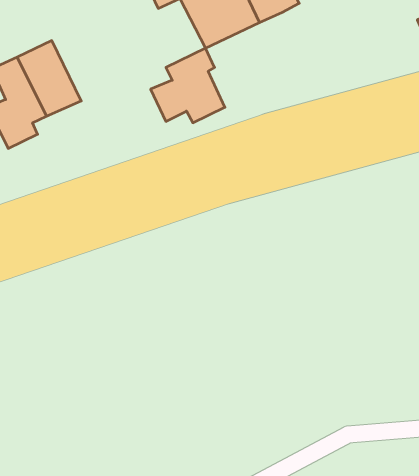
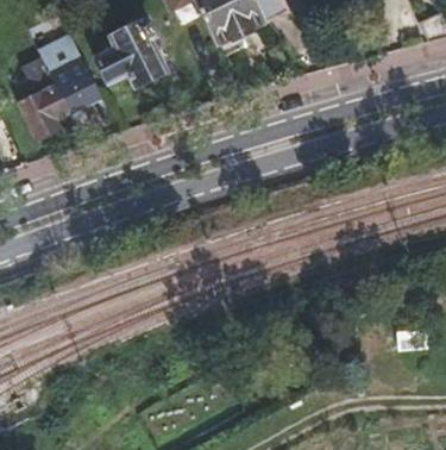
building: [151,48,225,123] -> [94,14,163,83]

